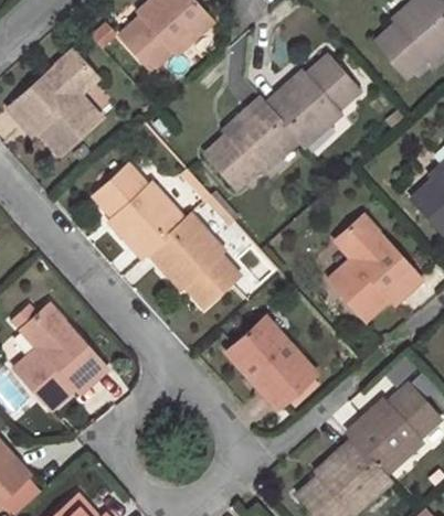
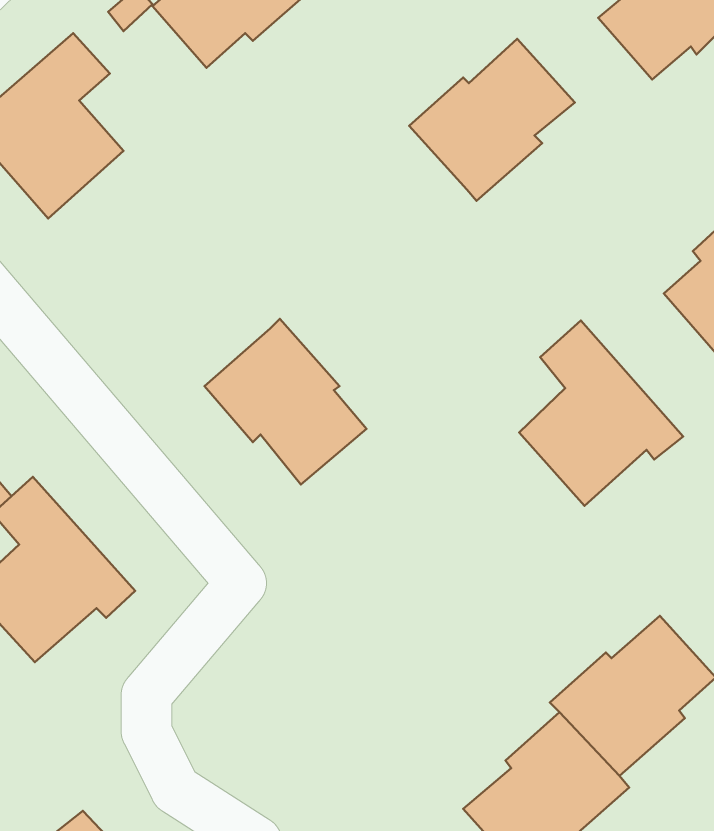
building: [203,96,298,187] -> none
building: [93,163,186,257] -> none
building: [226,316,315,408] -> none

